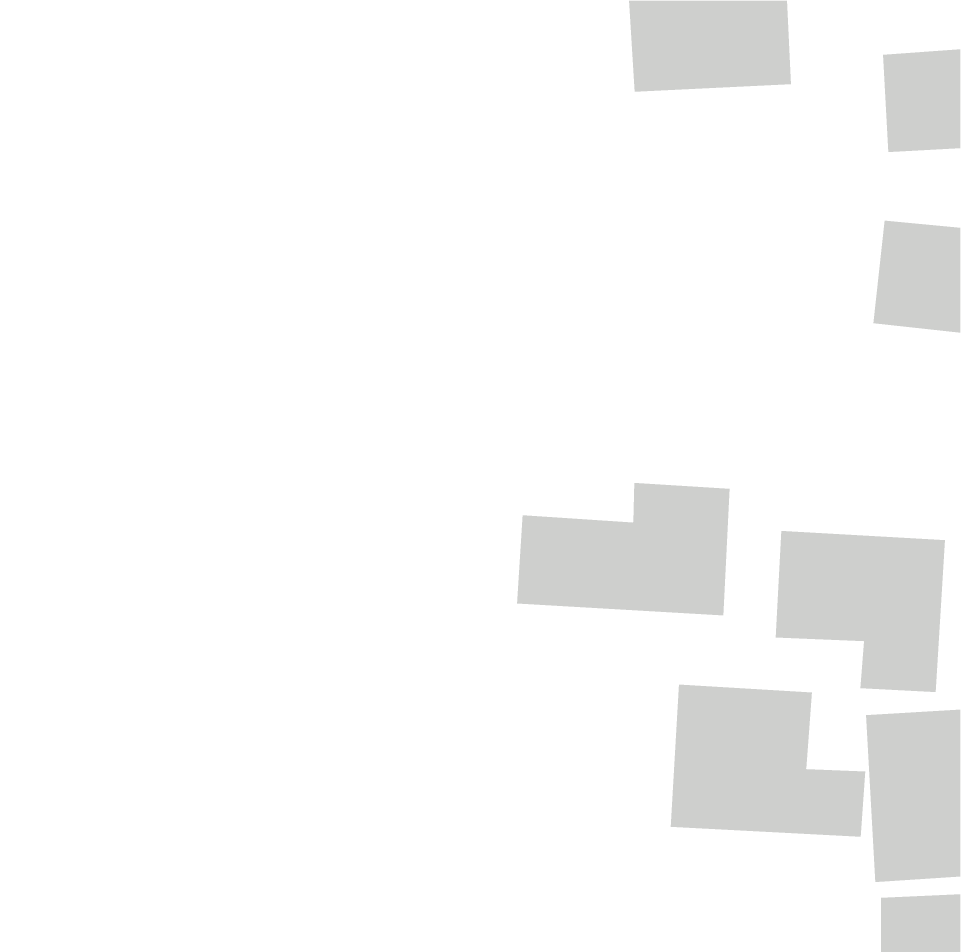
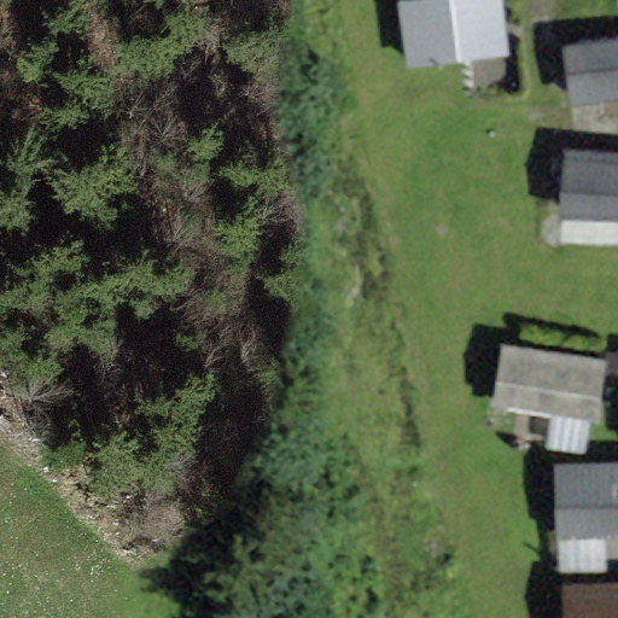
building: [517,482,730,616] -> none
building: [670,684,866,838] -> none

